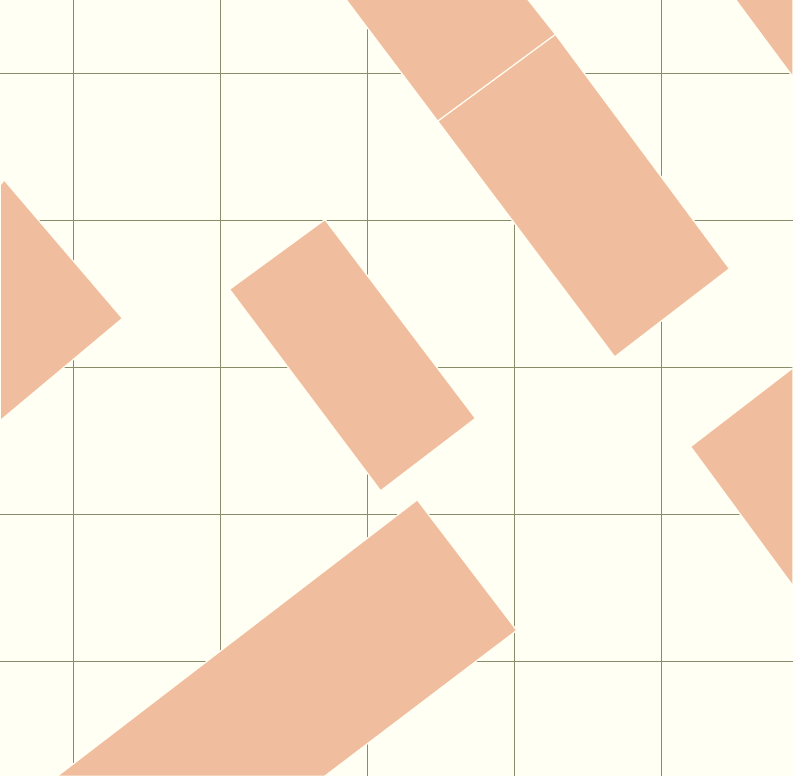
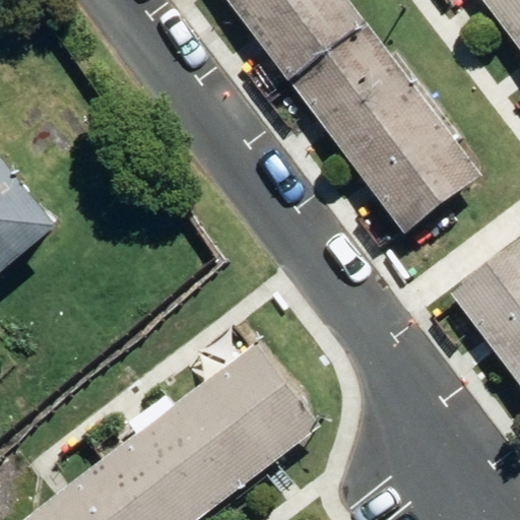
building: [229,220,476,491] -> none

